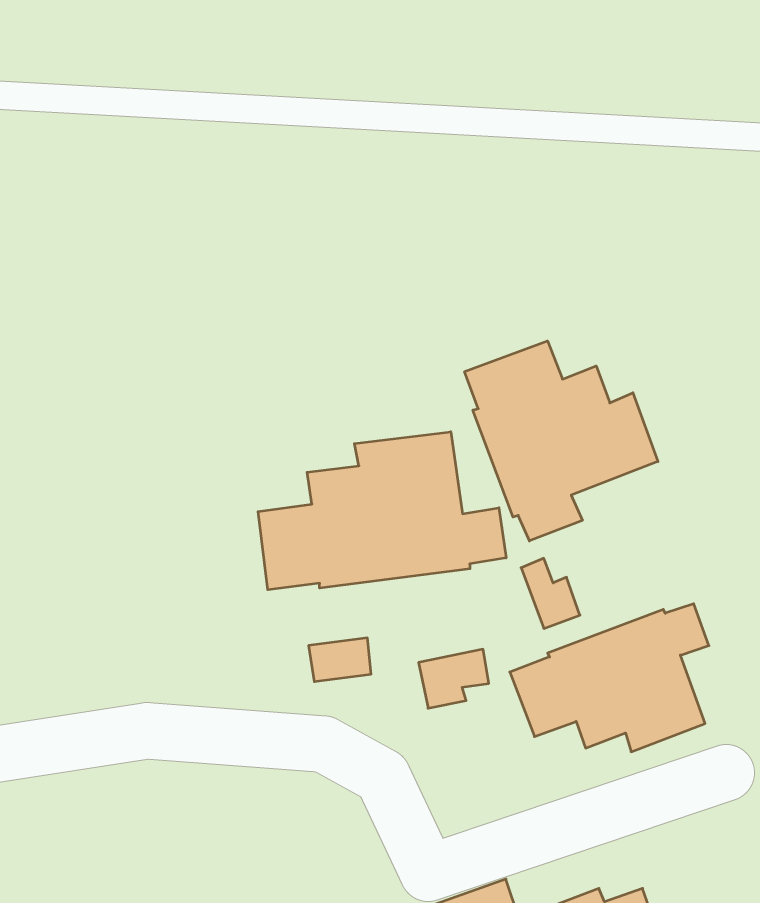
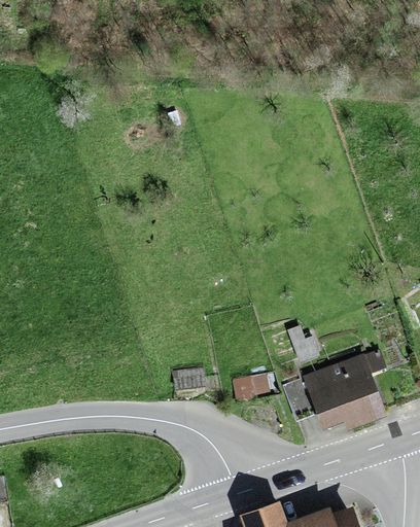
building: [465,341,658,541] -> none
building: [258,432,506,590] -> none

